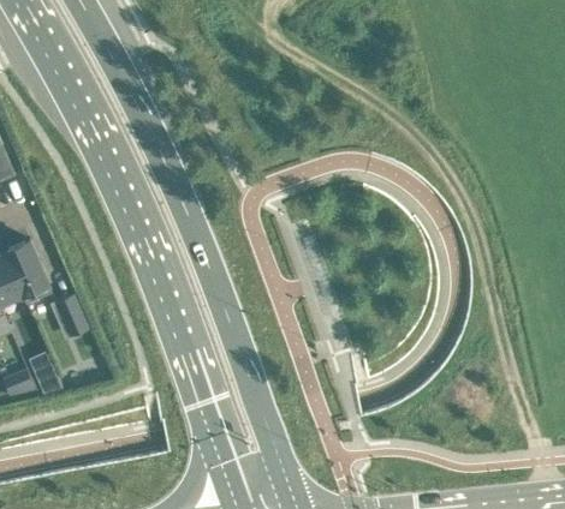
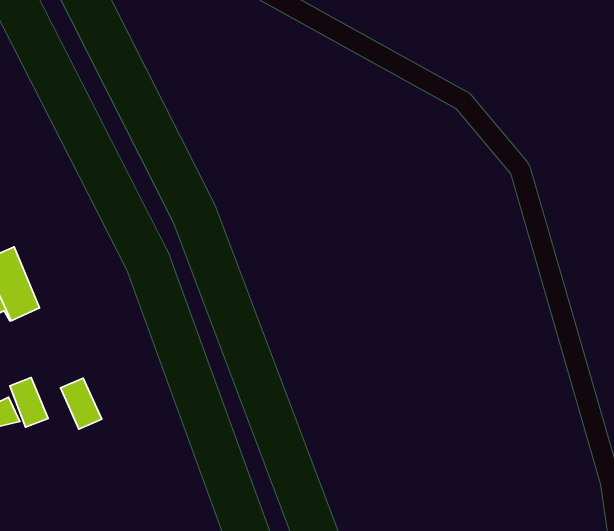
building: [53,293,88,336] -> [60,378,102,429]

